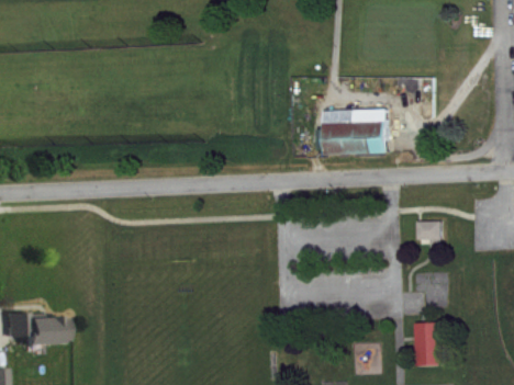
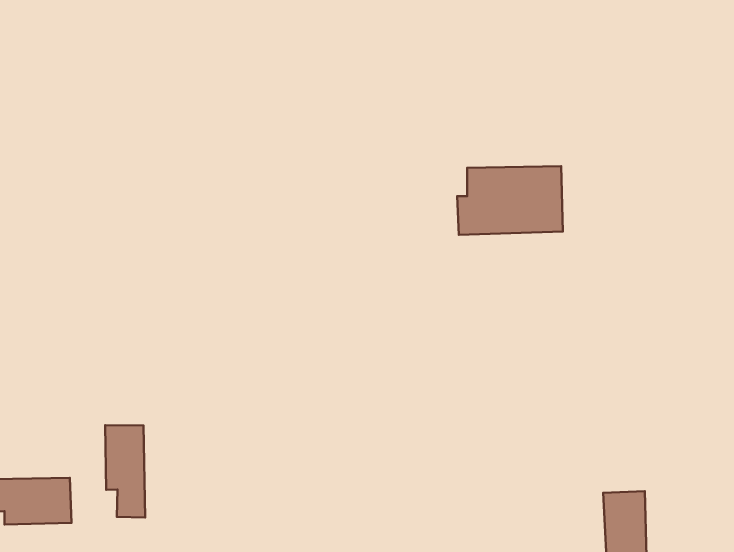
building: [417,220,442,239] -> none
building: none -> [105,425,145,517]

